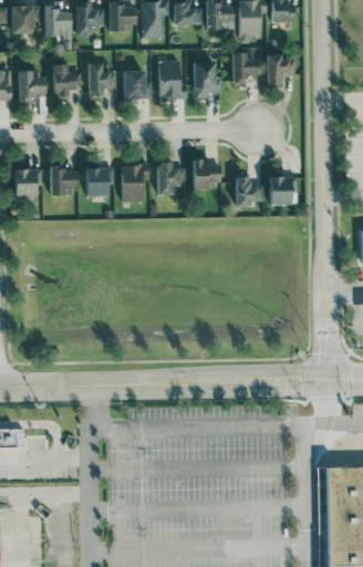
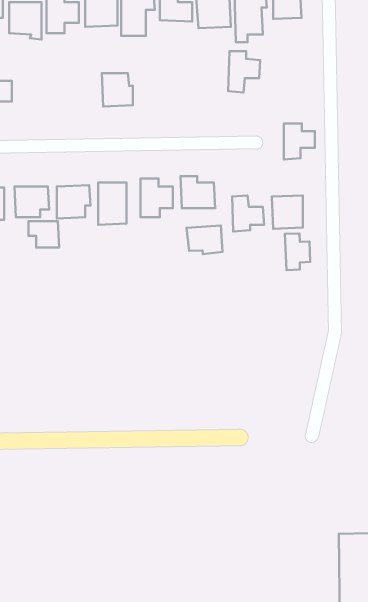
building: [268,53,294,84] -> [284,123,315,159]
building: [158,60,187,97] -> none
building: [193,61,221,97] -> none
building: [87,62,116,99] -> none
building: [52,63,81,95] -> none
building: none -> [29,221,59,248]
building: none -> [186,225,223,254]
building: none -> [285,233,310,270]

